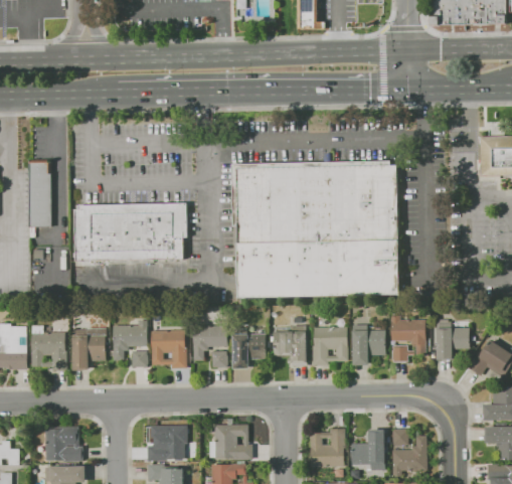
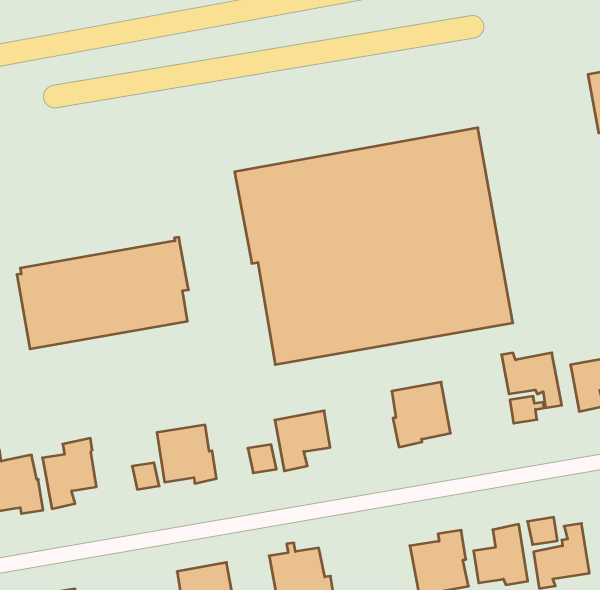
building: [112,320,147,360] -> none
building: [192,325,227,360] -> none
building: [351,329,386,364] -> none
building: [274,330,308,366] -> none

